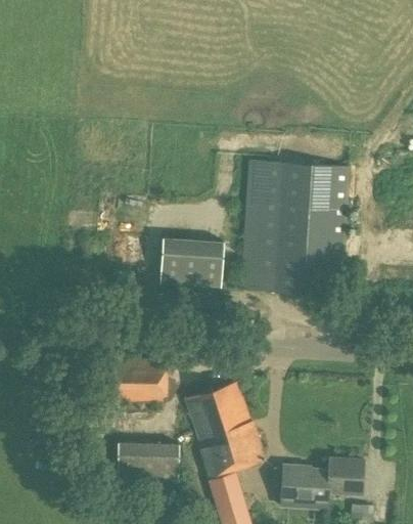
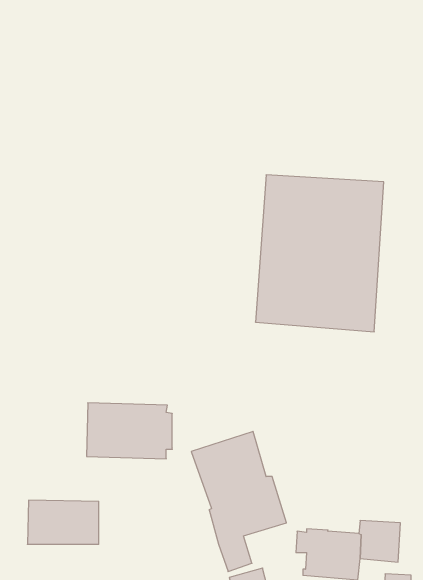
building: [156,237,221,286] -> none
building: [113,442,175,480] -> [27,500,99,544]

